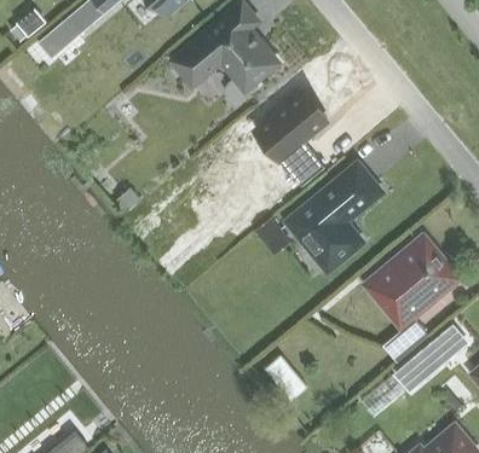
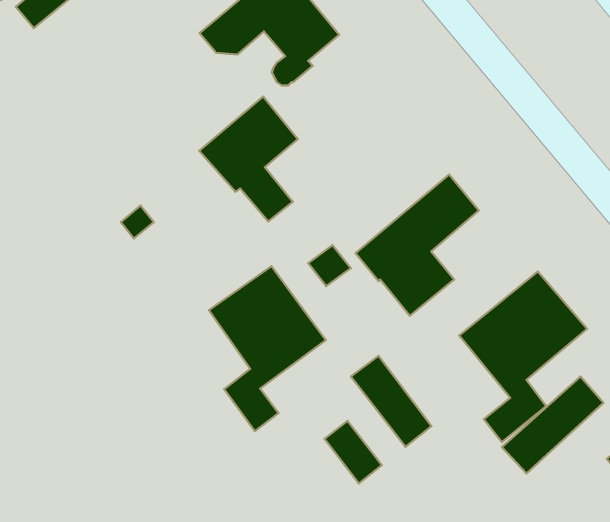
building: [254,91,327,182] -> [199,97,298,221]
building: none -> [209,266,326,431]
building: none -> [351,356,432,447]

